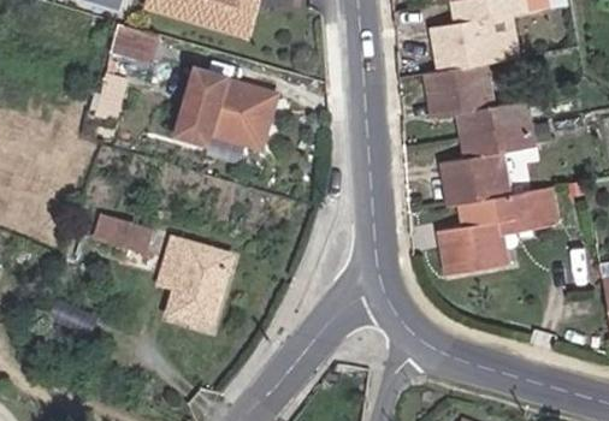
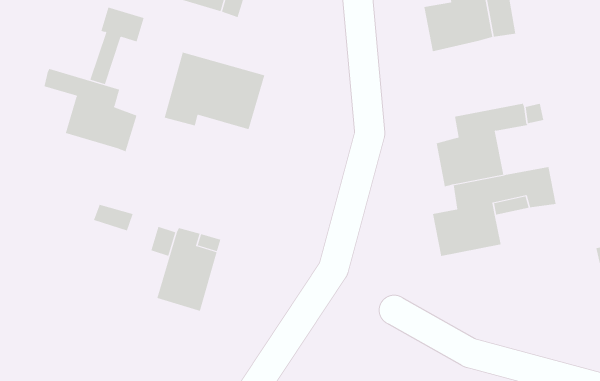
building: [425,61,528,136] -> none
building: none -> [43,68,137,152]

